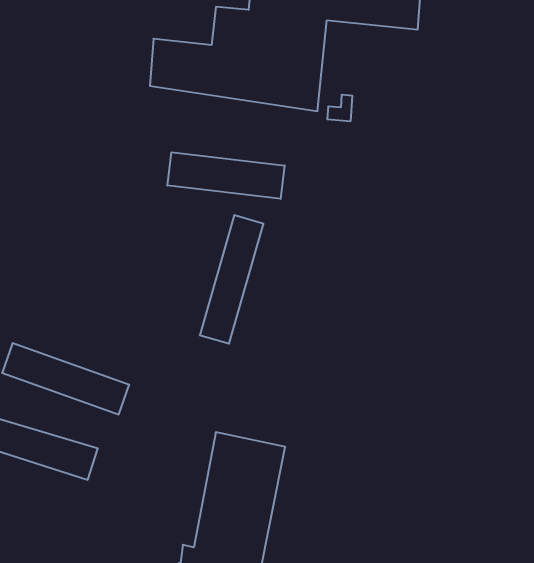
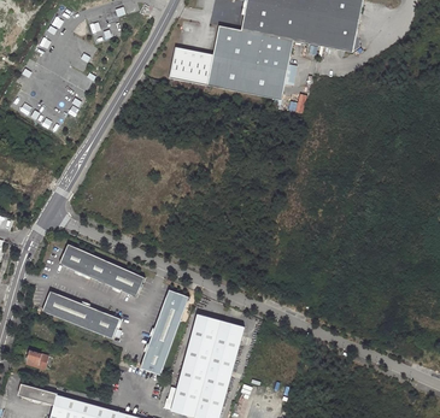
building: [167,152,285,199] -> none
building: [200,215,264,344] -> [139,288,187,373]

